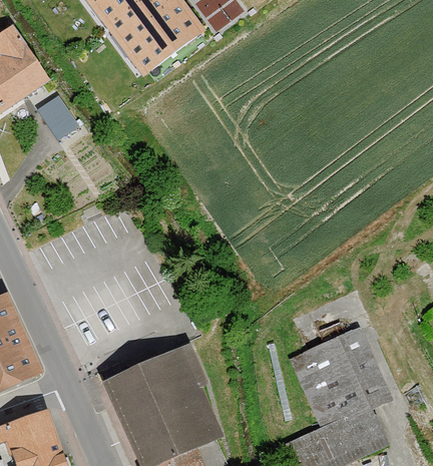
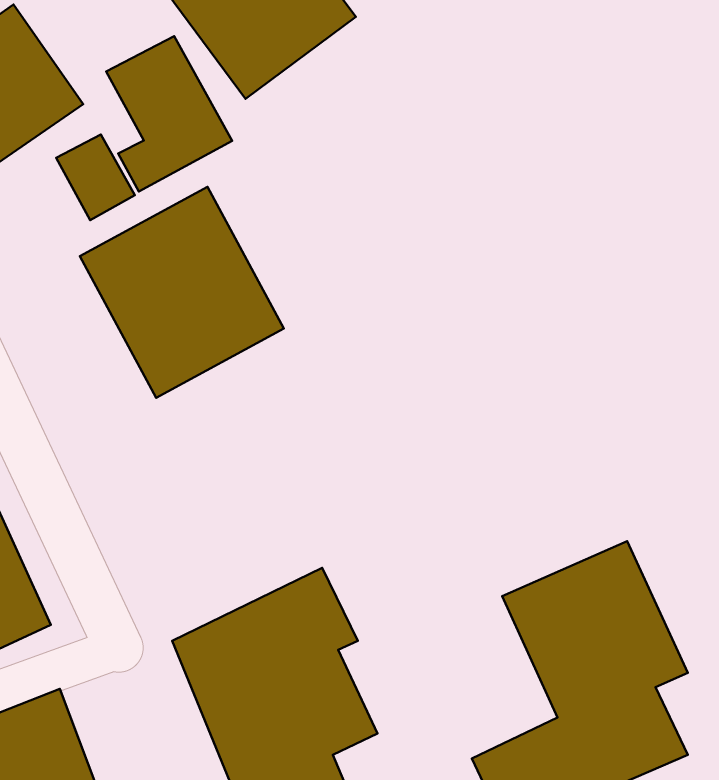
building: none -> [106,36,232,192]
building: none -> [80,187,284,398]

